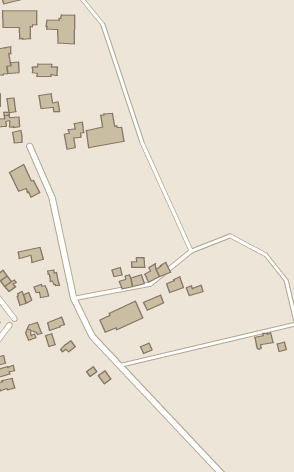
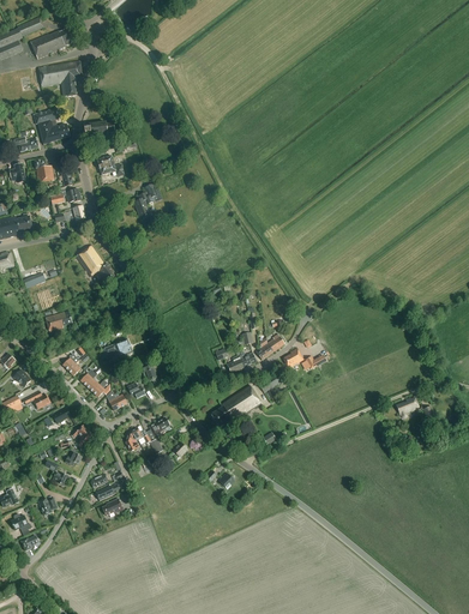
building: [46,15,75,44] -> none
building: [86,113,124,148] -> none

